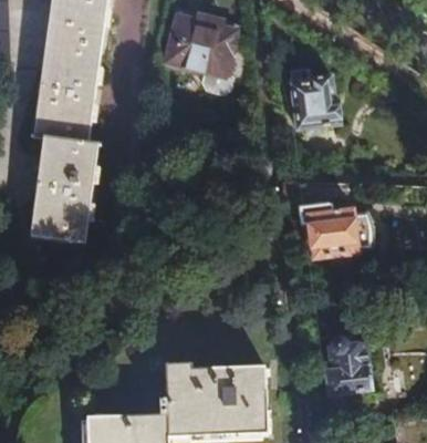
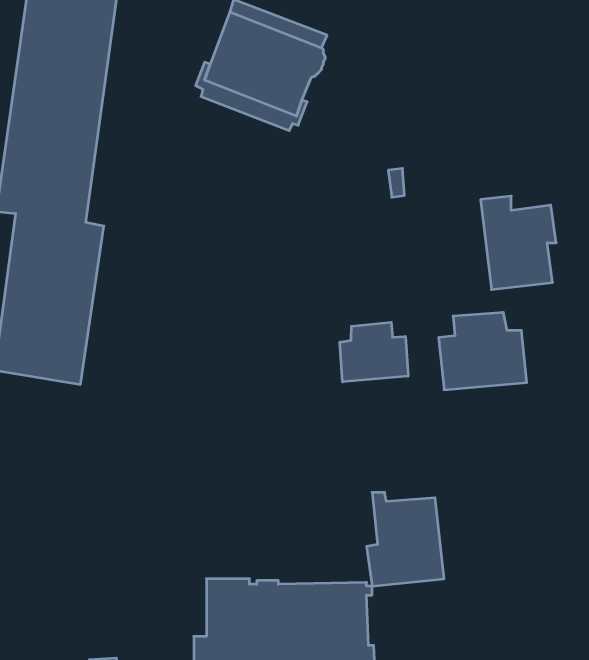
building: [291,69,337,126] -> [481,196,556,290]
building: none -> [340,322,408,382]
building: [329,339,376,396] -> [367,492,444,586]

